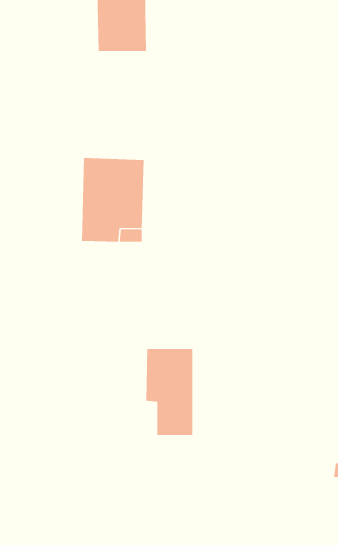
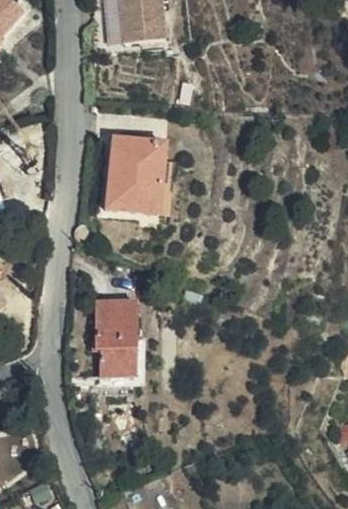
building: [145,349,193,436] -> [96,306,139,384]

